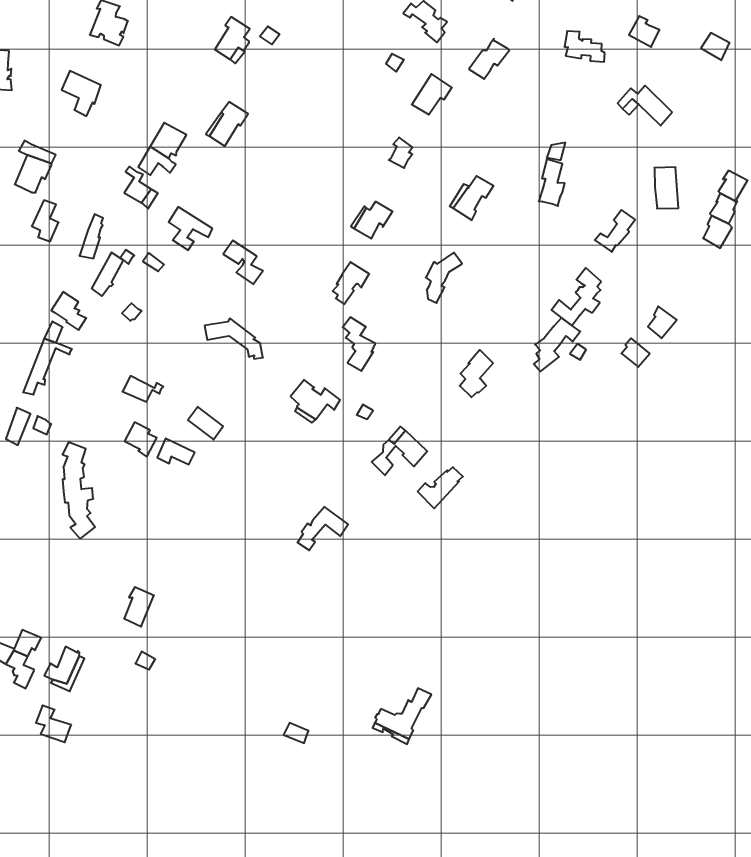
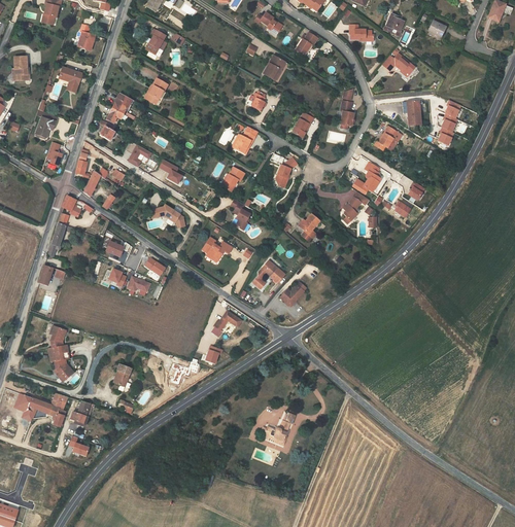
building: [62,442,95,539] -> [49,325,71,381]

